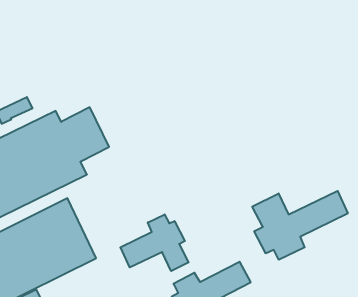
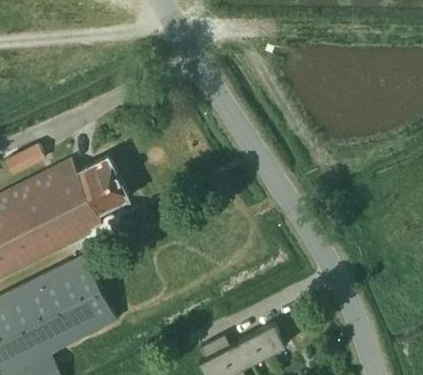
building: [252,191,348,260] -> none
building: [120,214,189,271] -> none

